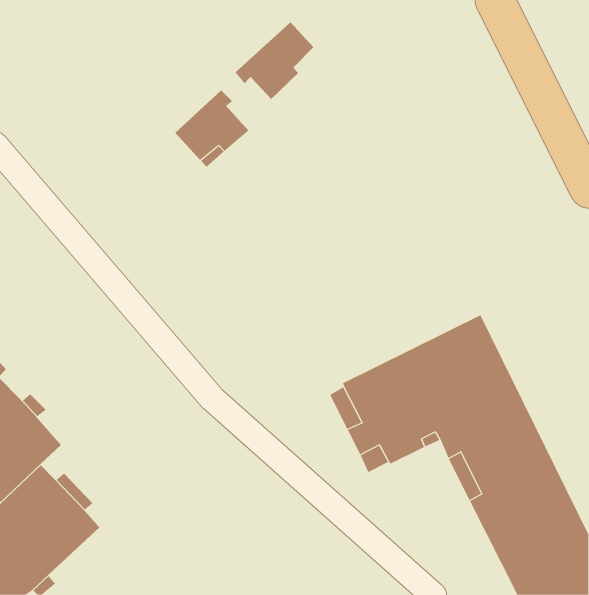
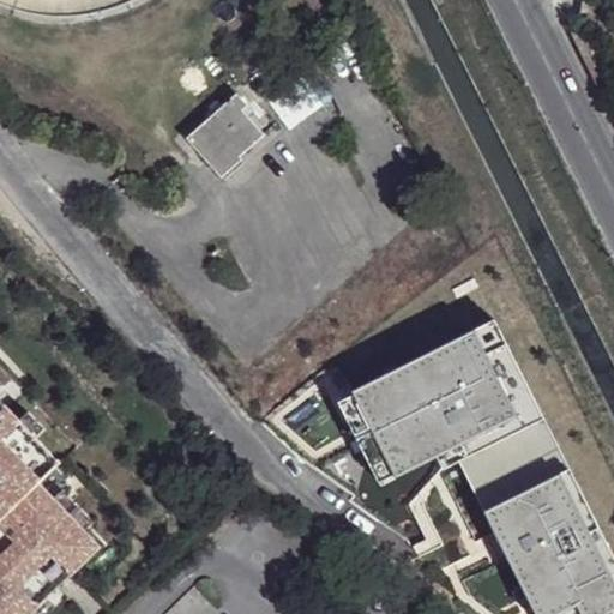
building: [235,21,314,100] -> none

